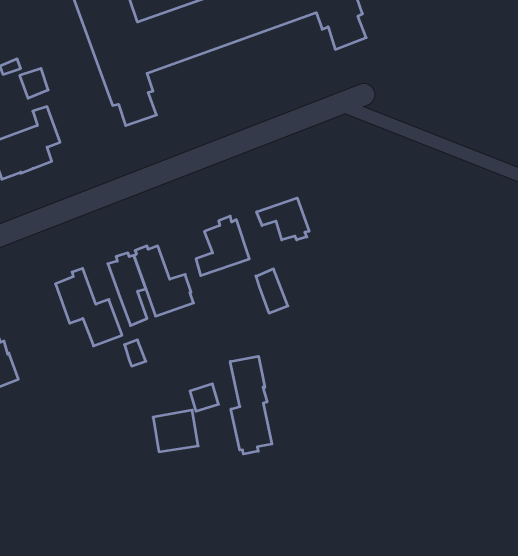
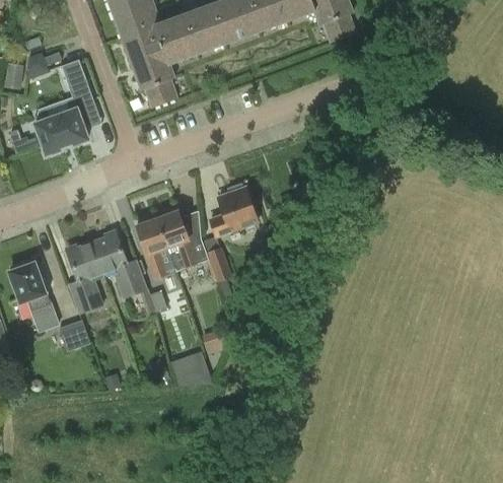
building: [257,198,309,240] -> none
building: [256,269,288,313] -> [205,244,232,281]
building: none -> [66,243,103,312]
building: [230,356,272,454] -> none
building: none -> [59,318,90,349]

